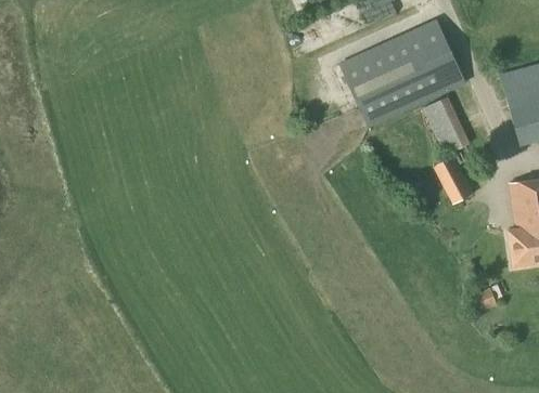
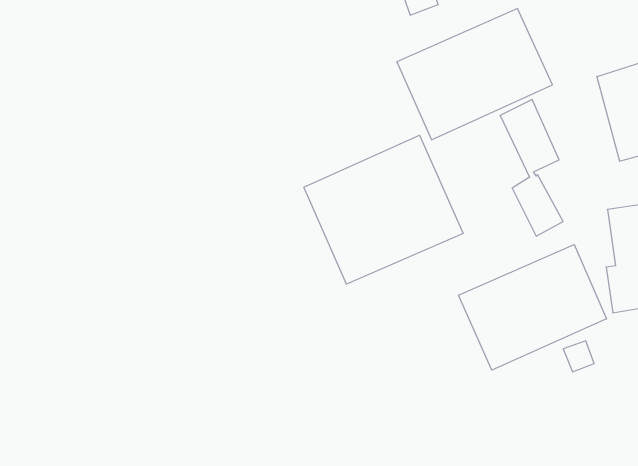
building: none -> [304,135,463,284]
building: none -> [459,245,607,370]

